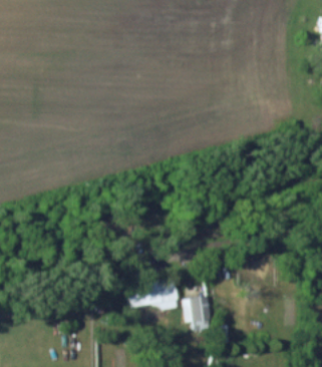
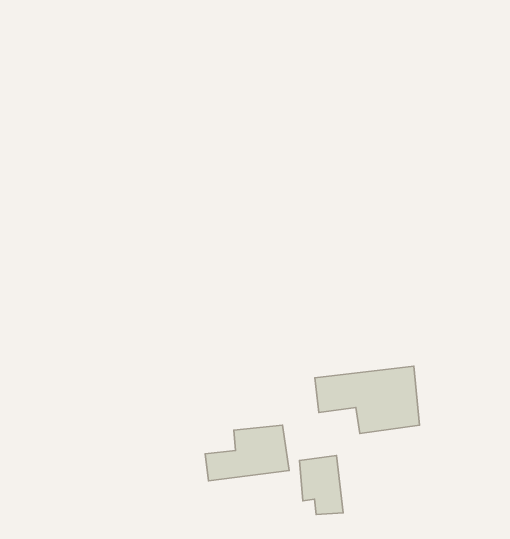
building: none -> [315,366,419,434]

